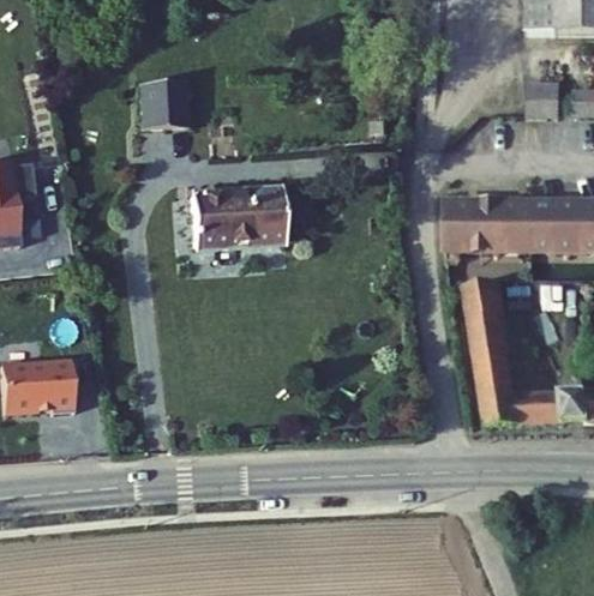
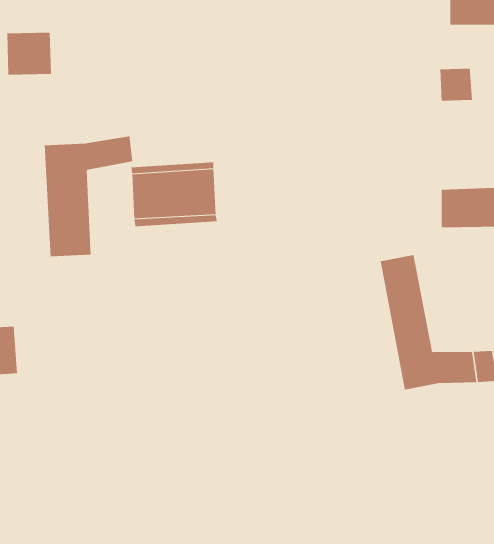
building: [138,76,187,122] -> [6,32,52,75]
building: none -> [44,135,133,257]
building: [445,210,528,252] -> none

